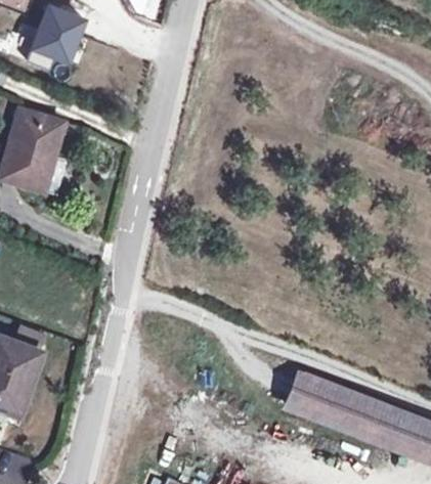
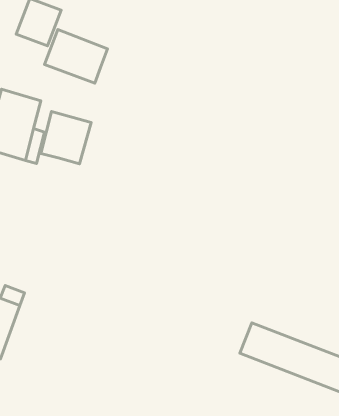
building: none -> [45,30,108,83]
building: none -> [41,112,91,164]

